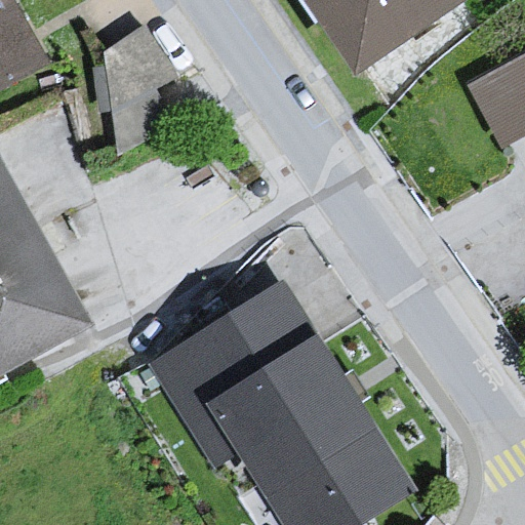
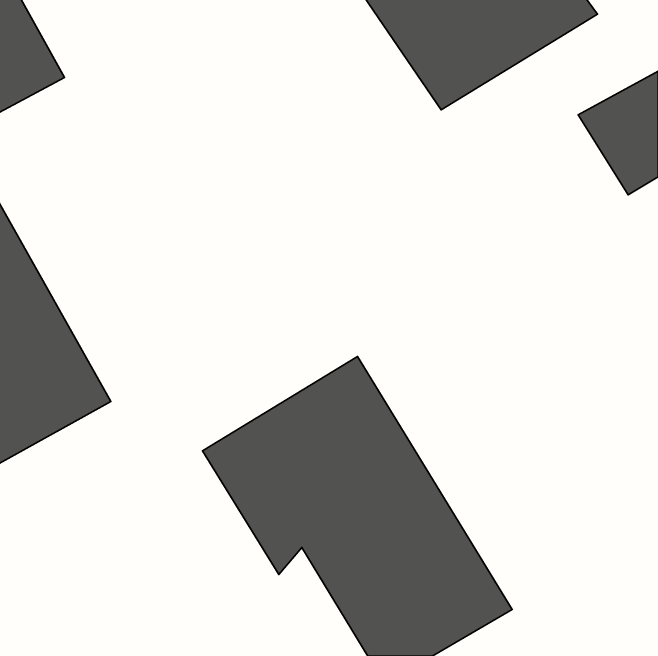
building: [92,16,178,127] -> none

